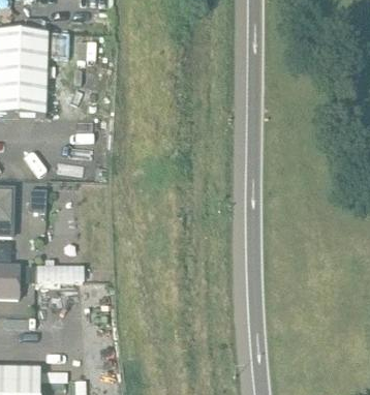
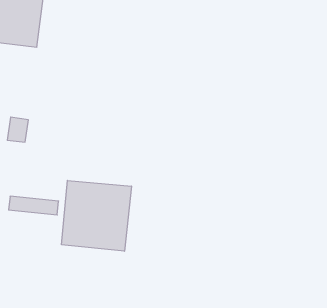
building: none -> [62,180,131,251]

